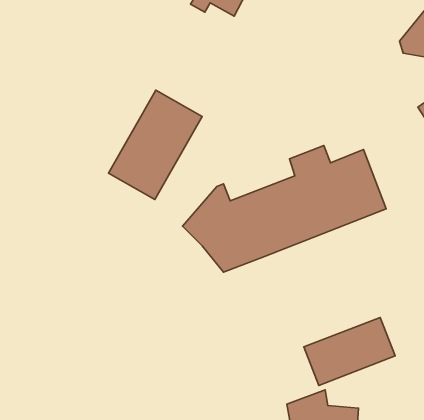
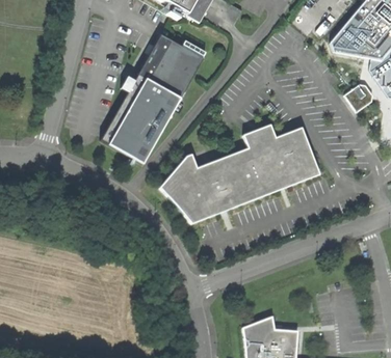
building: none -> [139,33,204,99]
building: [304,317,395,385] -> none

